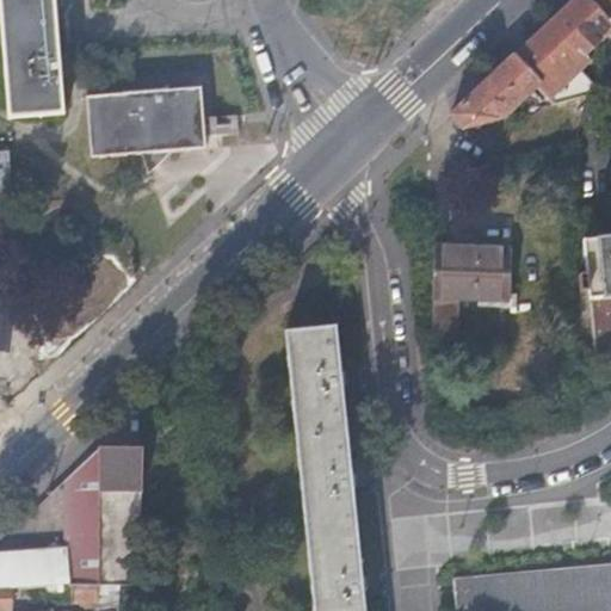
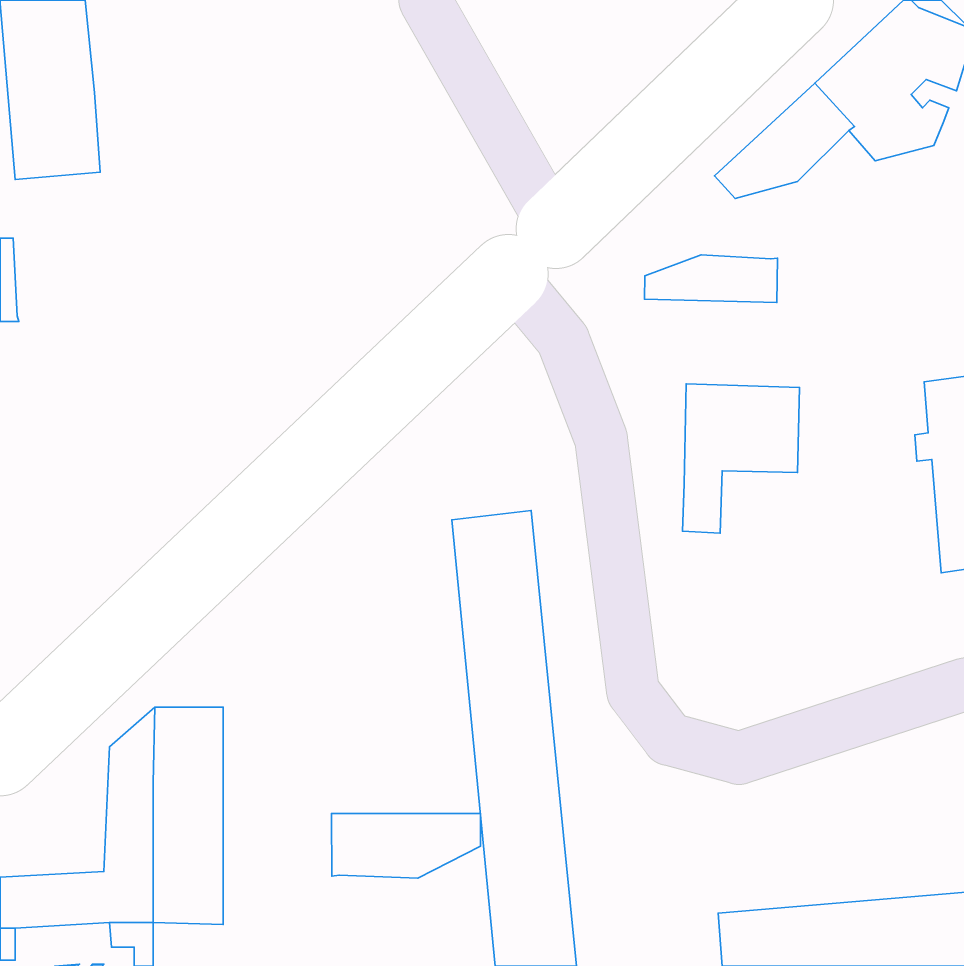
building: [88,86,206,169] -> none
building: none -> [644,255,777,303]
building: none -> [331,813,481,878]

